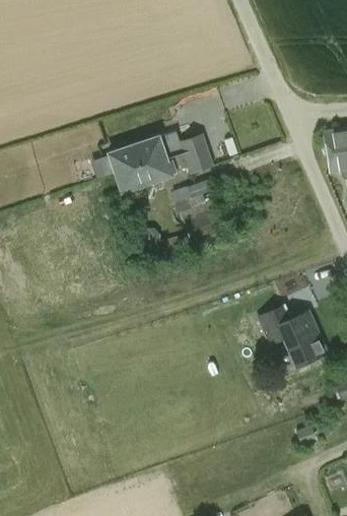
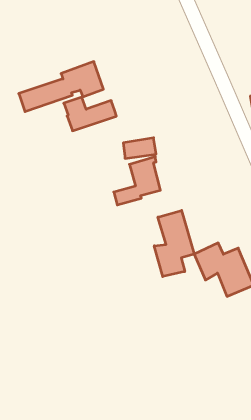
building: [115,134,214,193] -> [19,62,103,112]
building: none -> [154,210,194,277]

